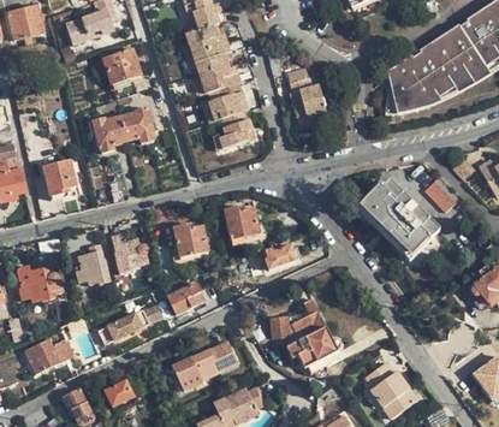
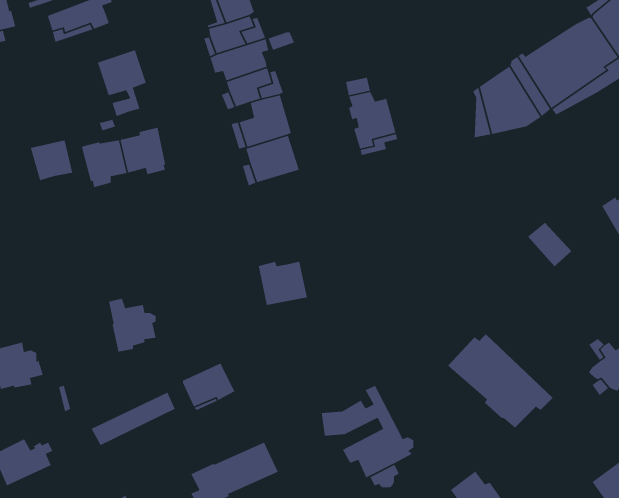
building: [43,160,76,191] -> [30,139,73,181]
building: [360,182,439,253] -> [447,333,553,429]
building: [172,223,209,256] -> none
building: [265,237,296,269] -> none
building: [76,243,111,285] -> none

